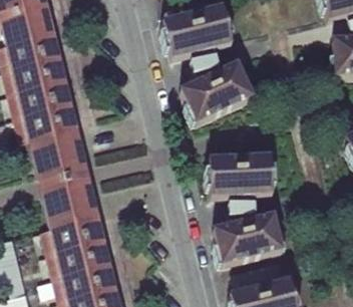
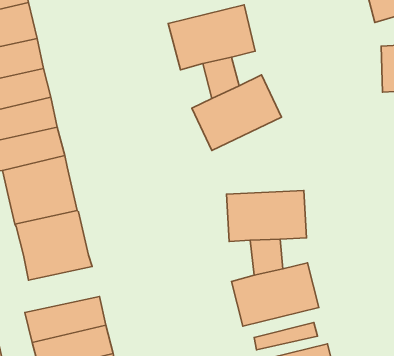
building: [41,216,106,253] -> none

